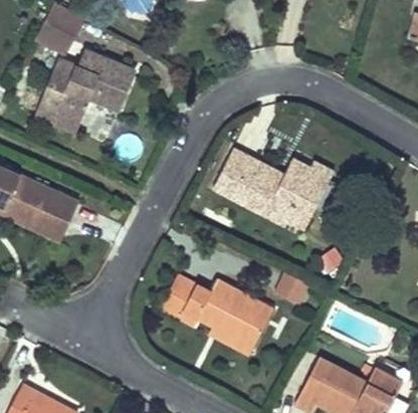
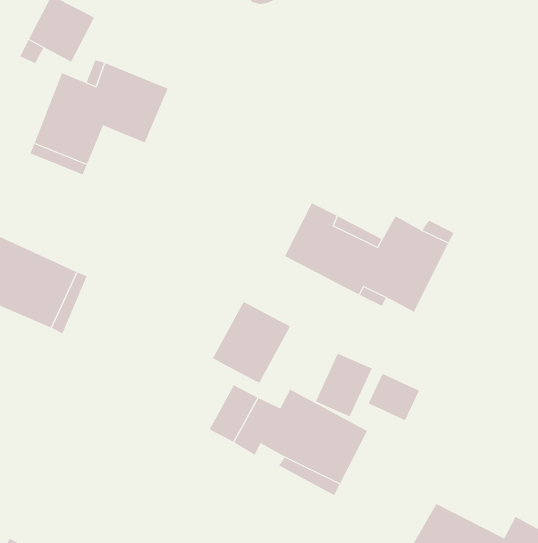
building: none -> [212,301,291,383]
building: none -> [315,353,373,417]

